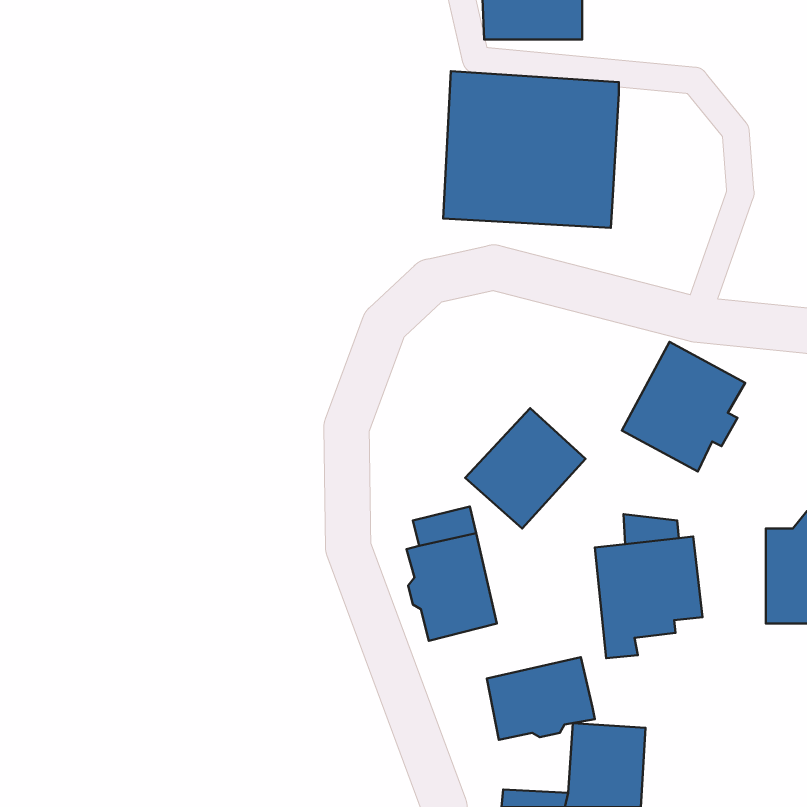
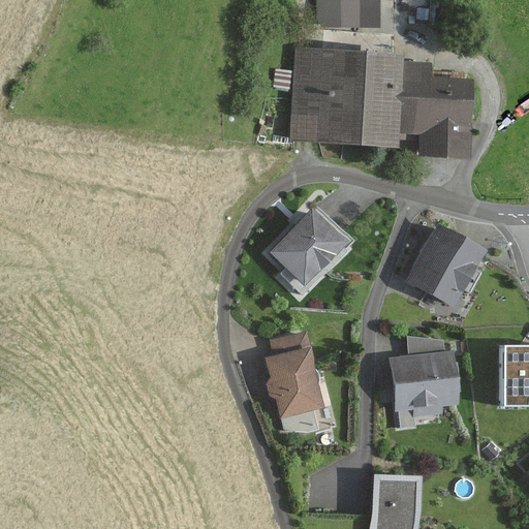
building: none -> [401,61,472,157]
building: [465,408,585,529] -> [270,207,348,285]
building: [487,657,595,740] -> none

